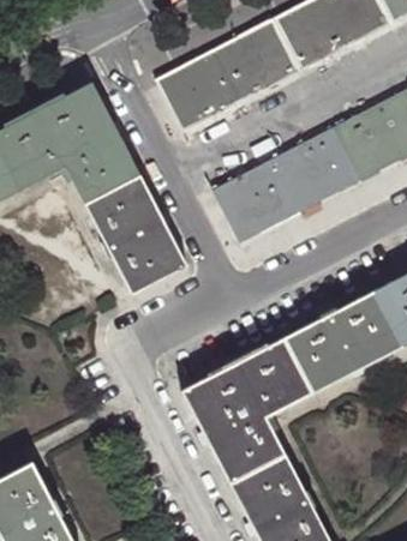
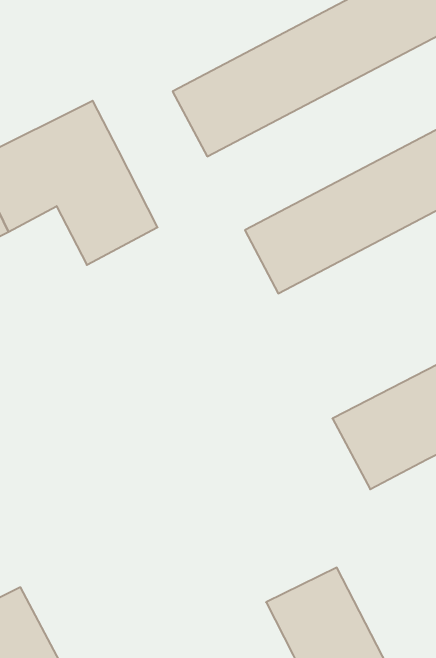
building: [88,186,192,308] -> none
building: [181,338,313,485] -> none

